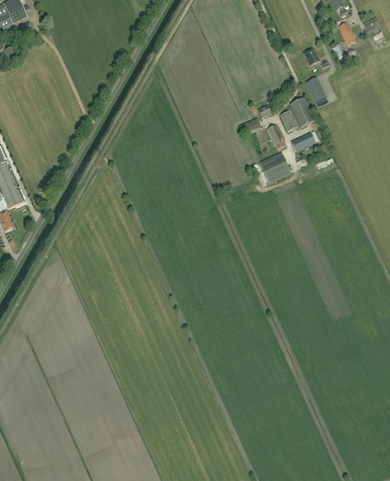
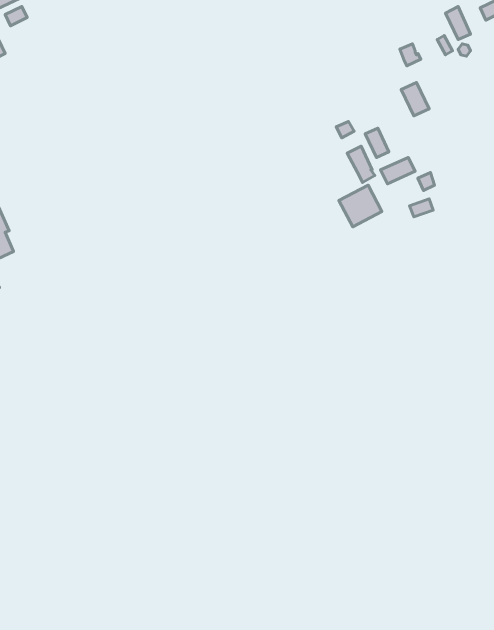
building: [289,97,313,126] -> none

